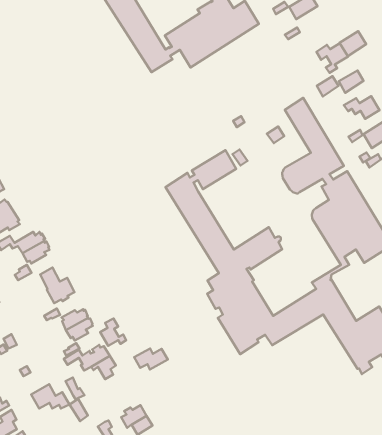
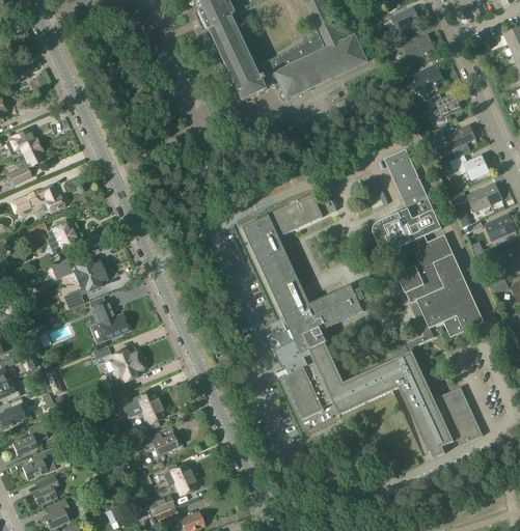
building: [340,31,366,56] -> [414,64,443,90]
building: [100,318,126,346] -> none
building: [134,348,168,369] -> [141,432,177,455]
building: [31,384,69,409] -> none

